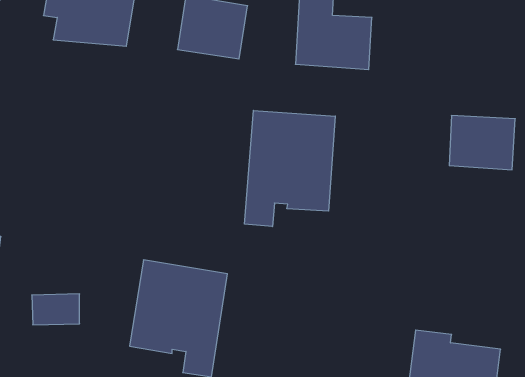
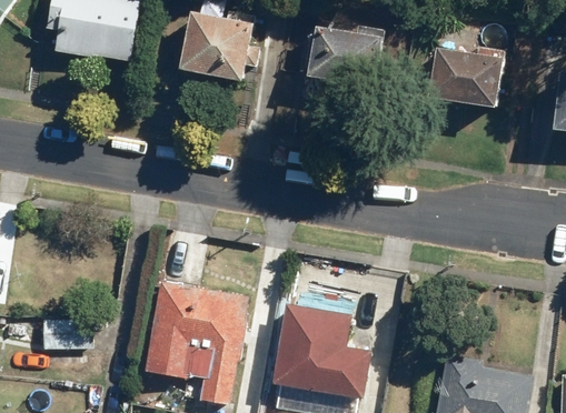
building: [245,110,335,227] -> none
building: [449,116,515,170] -> [443,47,512,103]
building: none -> [268,304,368,400]

